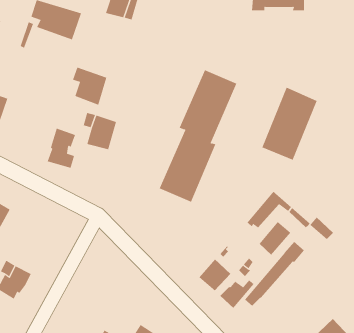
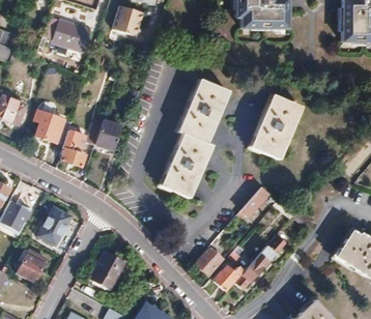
building: [72,67,107,106] -> [33,110,64,144]
building: none -> [37,208,72,248]
building: [259,221,291,256] -> none
building: none -> [88,251,125,291]

